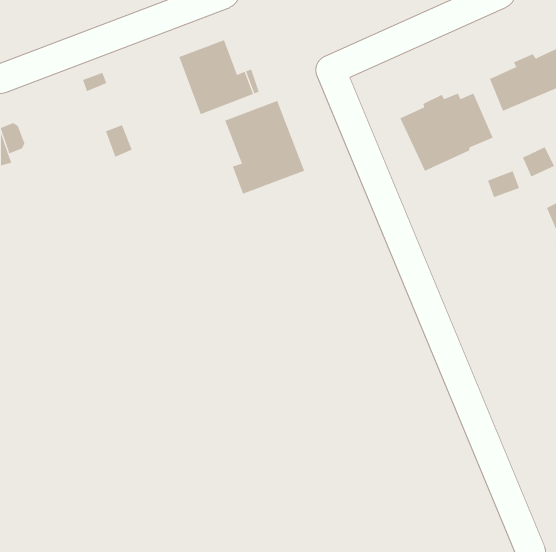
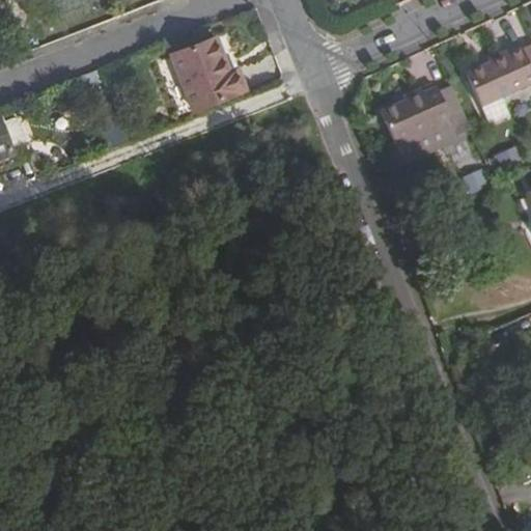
building: [225,100,305,194] -> none

